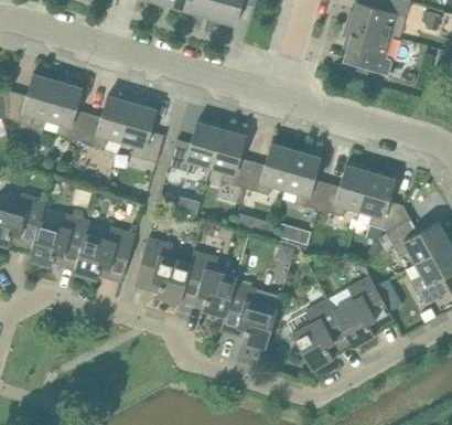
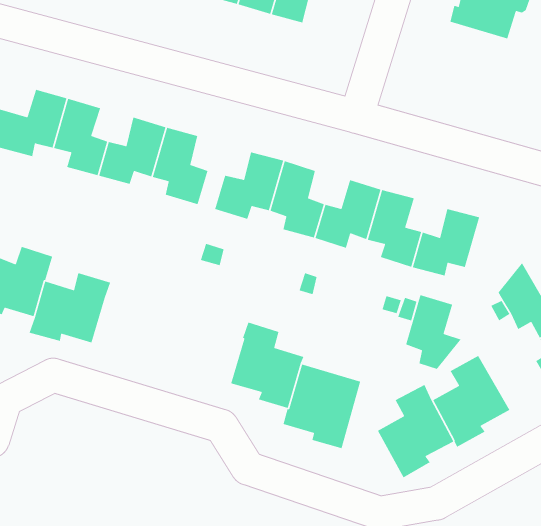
building: [342,23,392,76] -> none
building: [359,171,402,229] -> [405,294,462,370]
building: [74,226,136,280] -> none
building: [134,237,191,304] -> none

